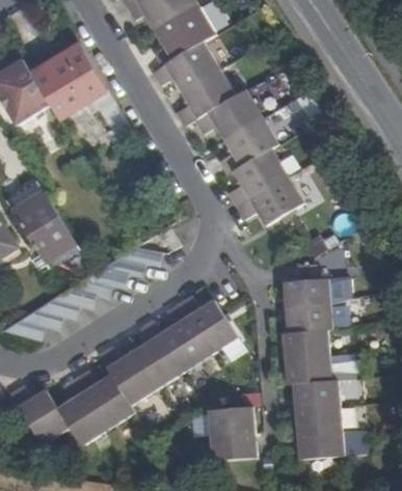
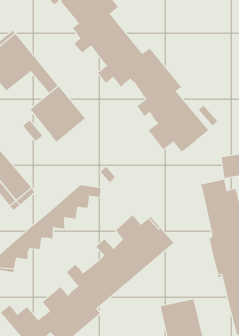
building: none -> [30,85,86,142]

